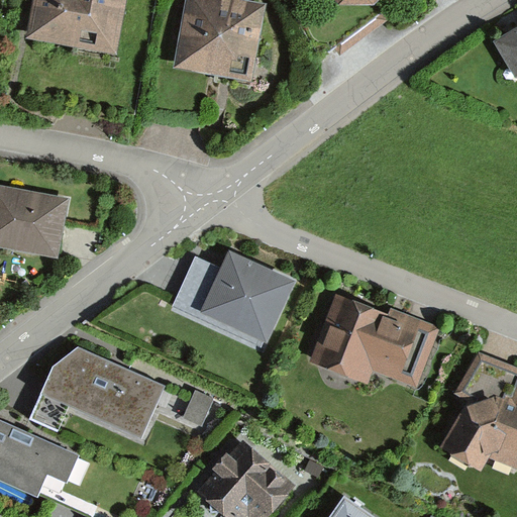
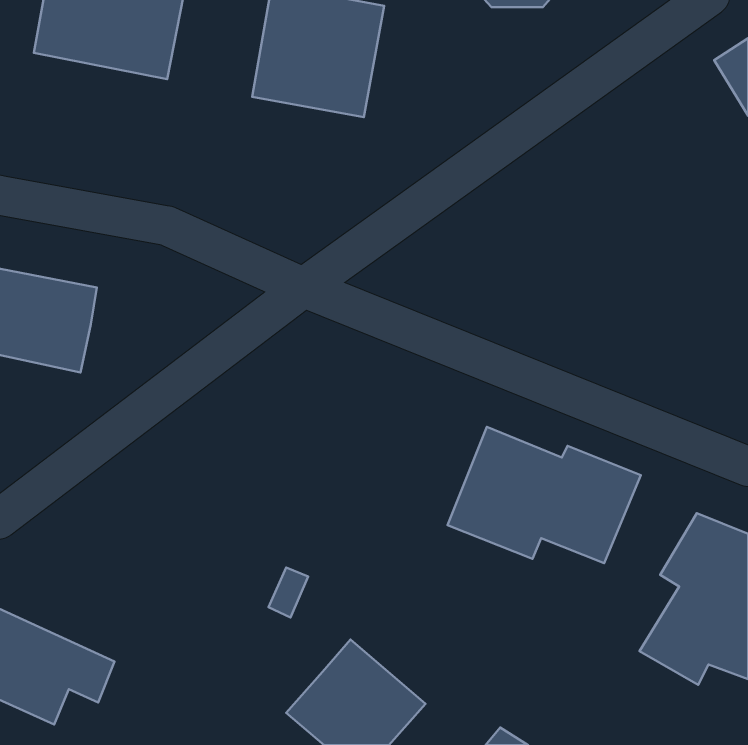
building: [176,252,293,345] -> none
building: [29,348,164,438] -> none

